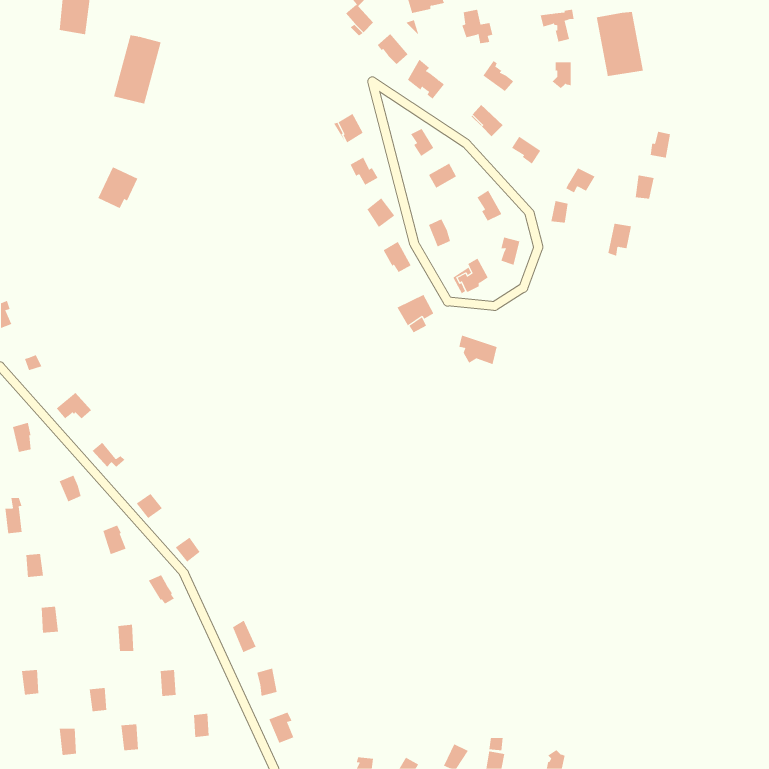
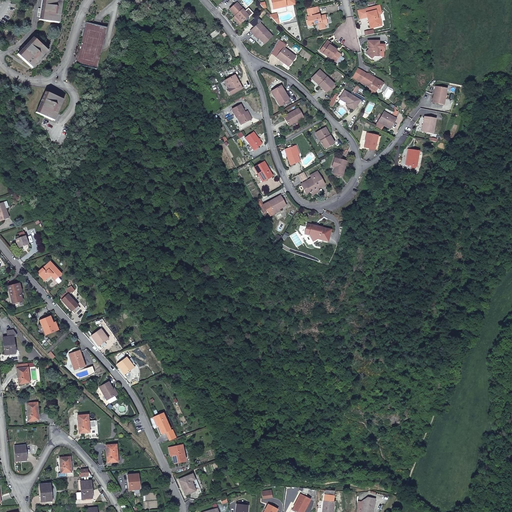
building: [596,11,643,77] -> none
building: none -> [18,37,47,67]
building: none -> [351,66,382,95]
building: [98,167,138,209] -> [36,91,63,119]

